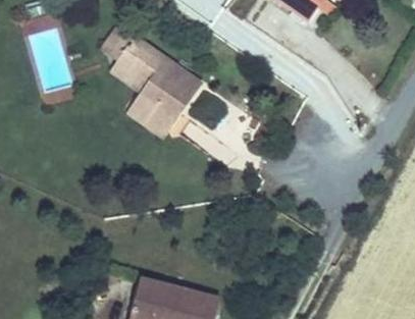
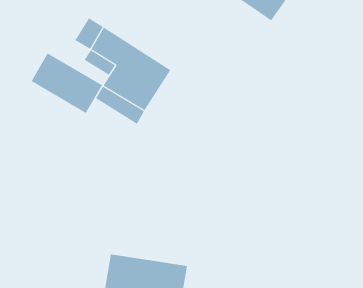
building: none -> [31,53,103,114]

